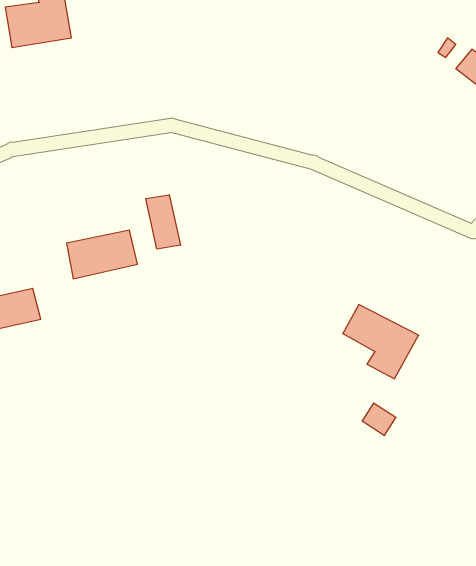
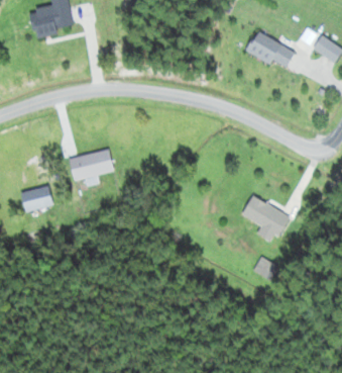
building: none -> [247,32,296,72]
building: [146,195,181,249] -> none

